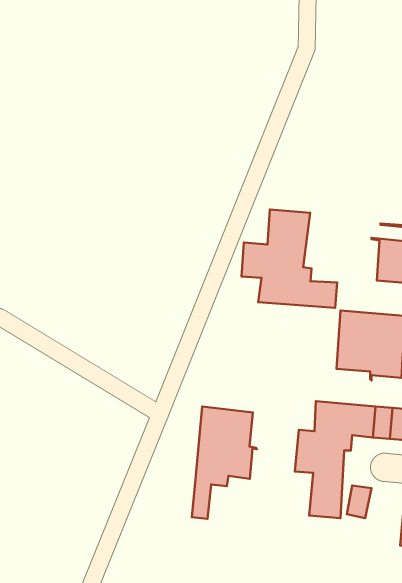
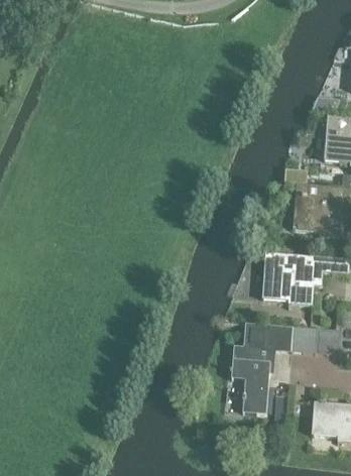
building: [242,210,337,308] -> none
building: [192,407,257,519] -> none

